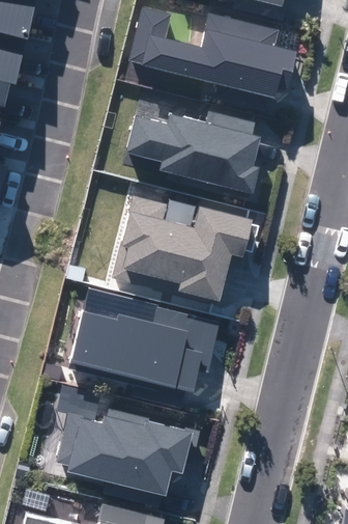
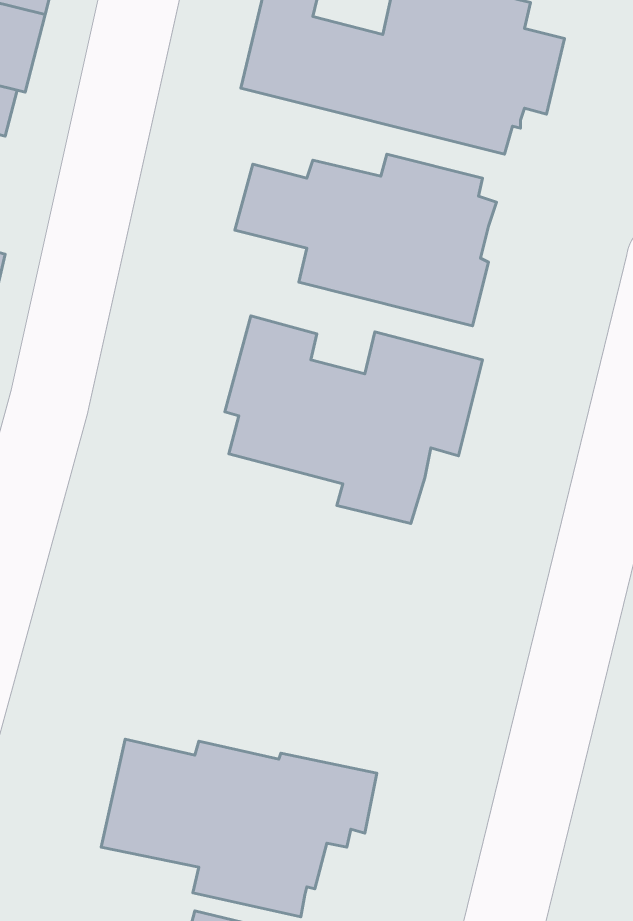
building: [69,286,219,403] -> none

